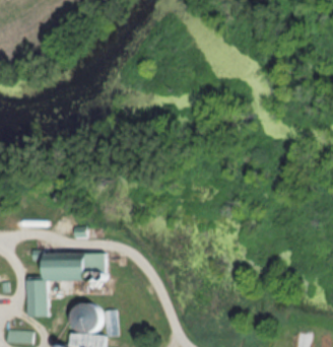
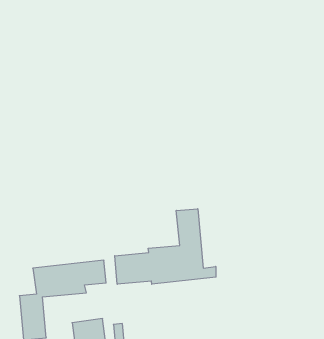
building: none -> [115,209,216,284]

